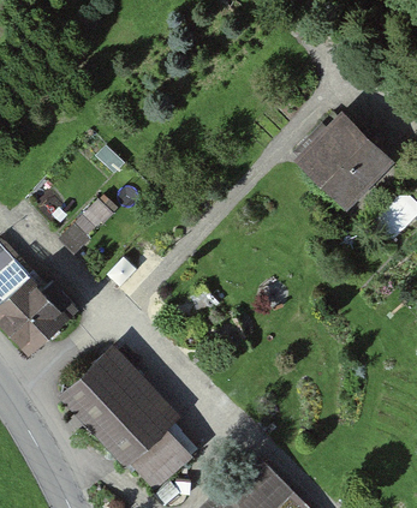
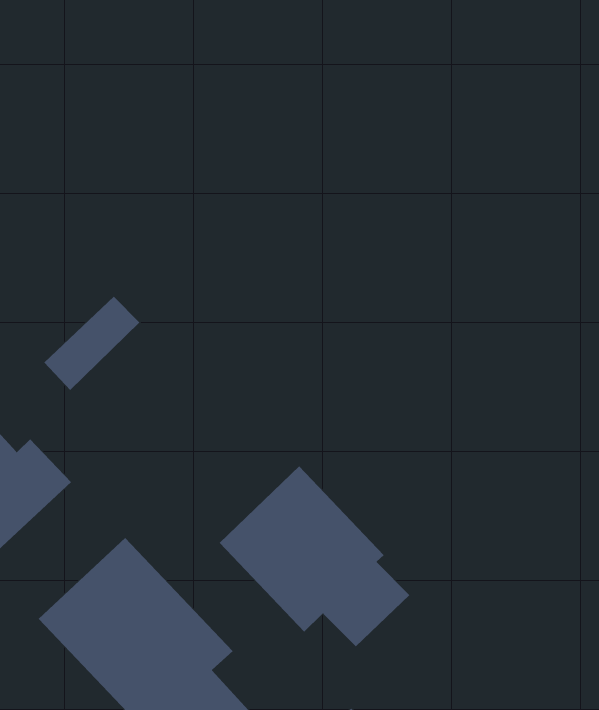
building: [293,110,395,211] -> none
building: none -> [219,465,410,647]

